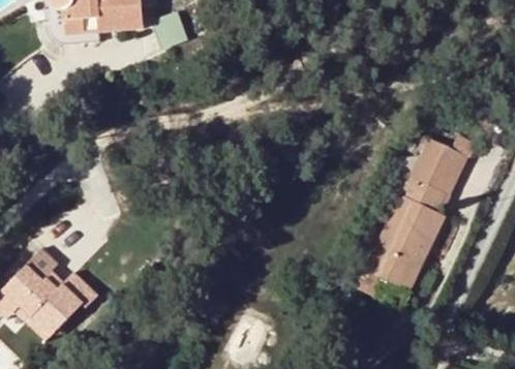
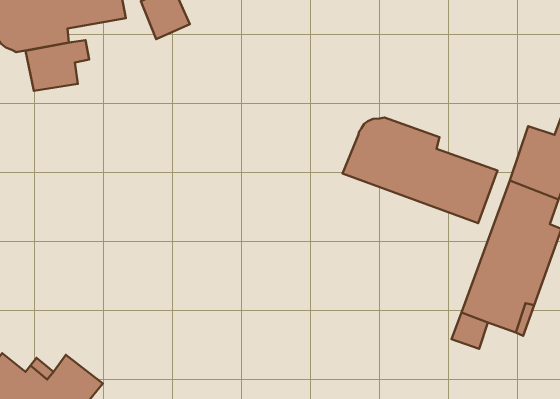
building: none -> [26,40,89,91]
building: none -> [342,117,497,223]

